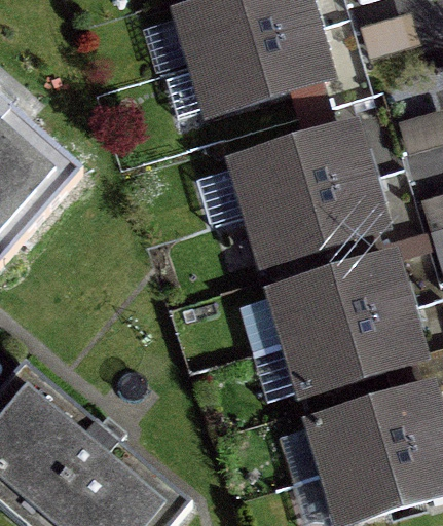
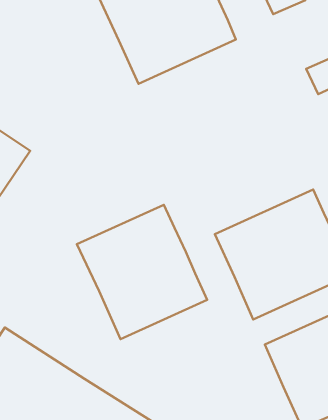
building: [232,128,378,263] -> none
building: none -> [77,205,207,339]

